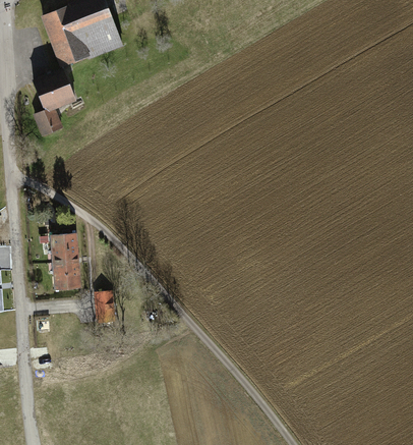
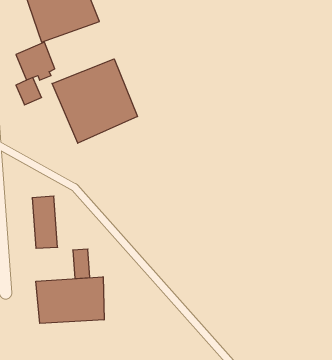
building: none -> [52,59,137,143]
building: none -> [36,277,104,323]

